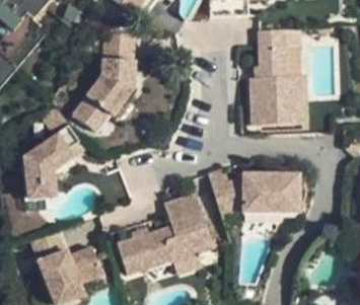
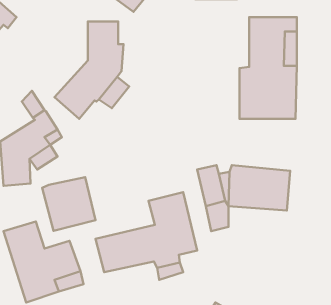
building: none -> [42,177,96,231]

